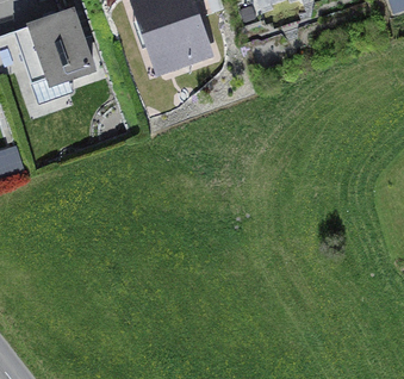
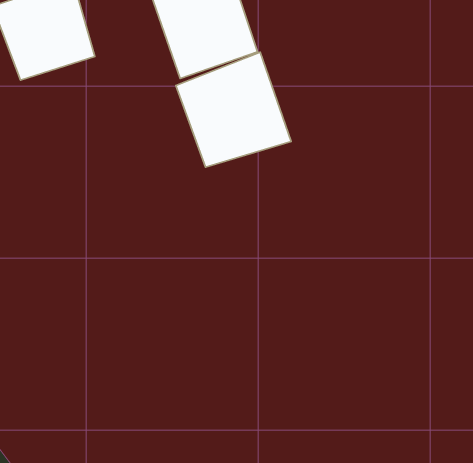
building: none -> [176,52,291,167]

